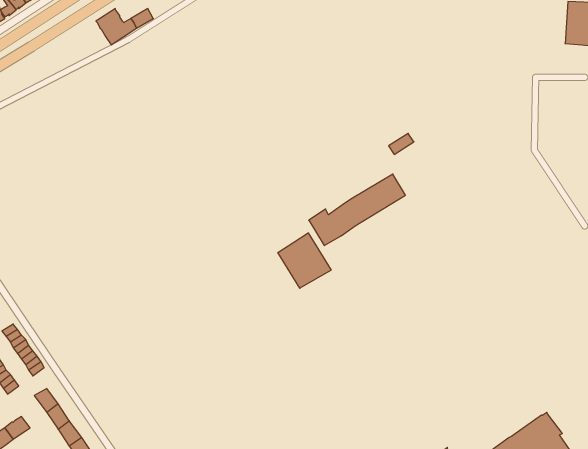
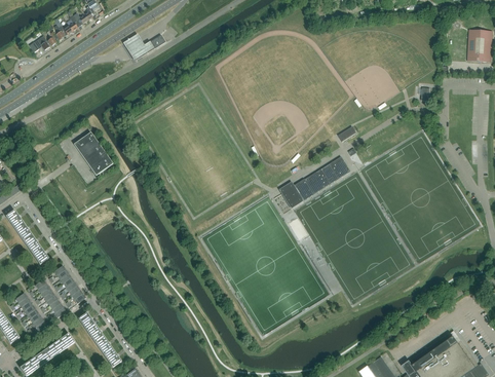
building: none -> [73,131,112,175]
building: [278,233,331,288] -> none

